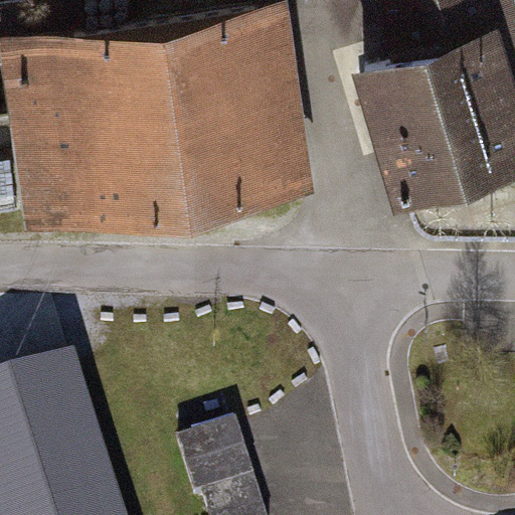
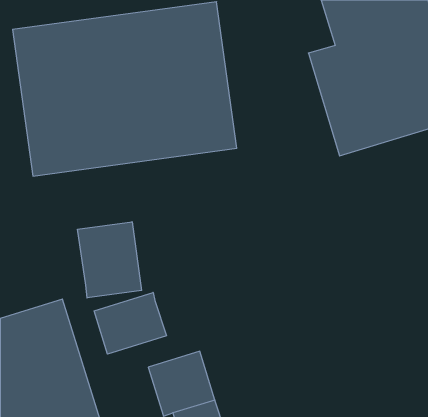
building: none -> [78,222,142,298]
building: none -> [94,292,167,354]

